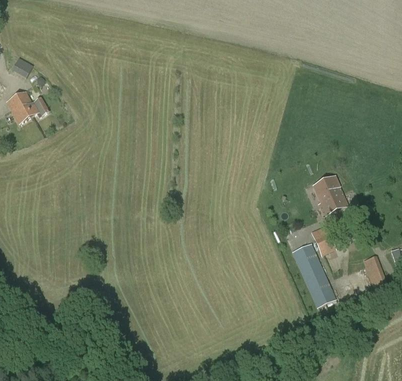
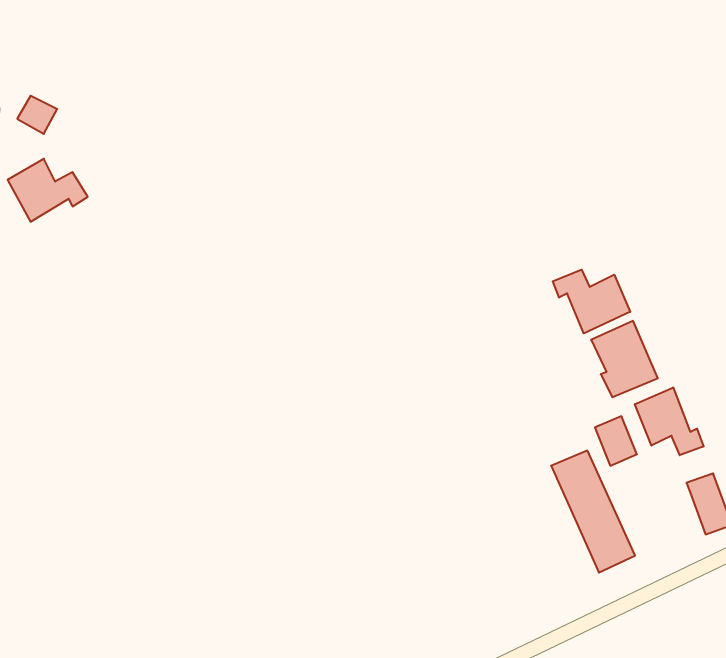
building: none -> [553,270,630,333]
building: none -> [635,387,704,455]

